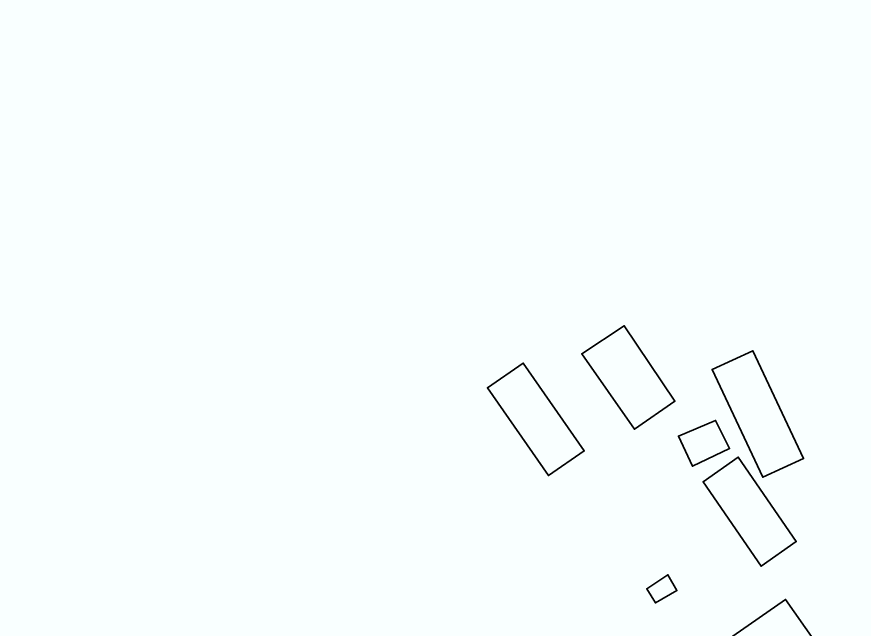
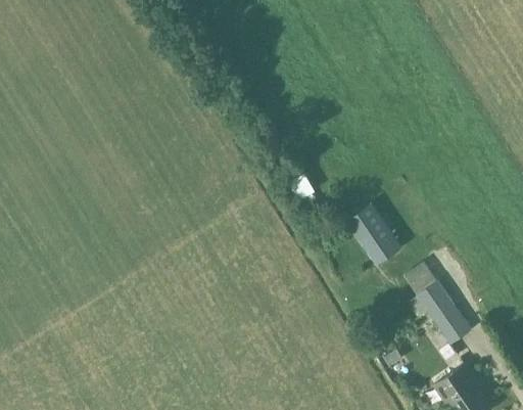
building: [712,351,804,477] -> none
building: [487,363,584,475] -> none

